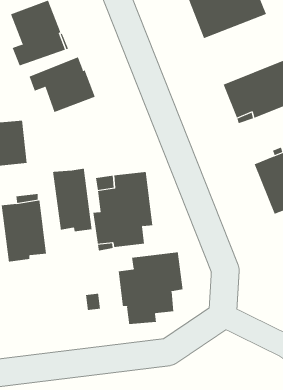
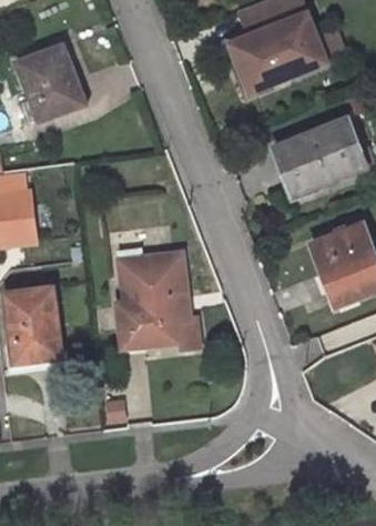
building: [29,56,96,113] -> none
building: [52,168,92,232] -> none
building: [118,252,183,325] -> none

